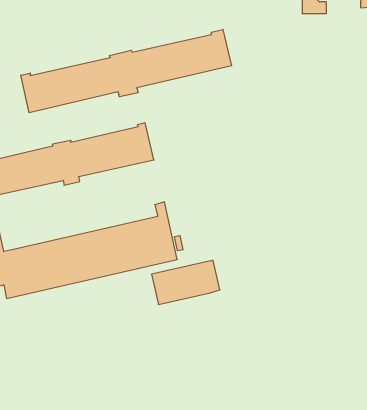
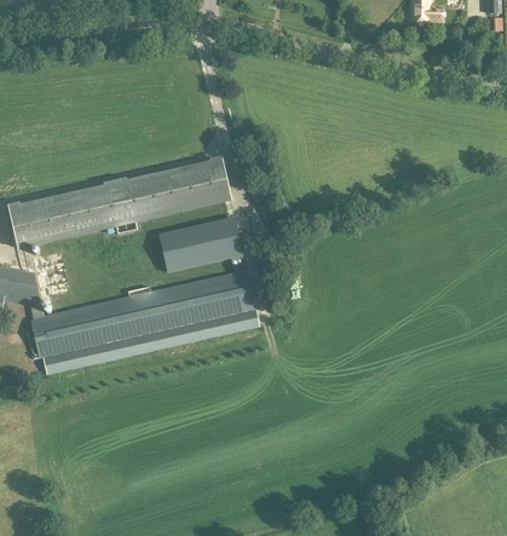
building: [21,29,232,113] -> none
building: [152,261,220,304] -> [156,217,241,271]

